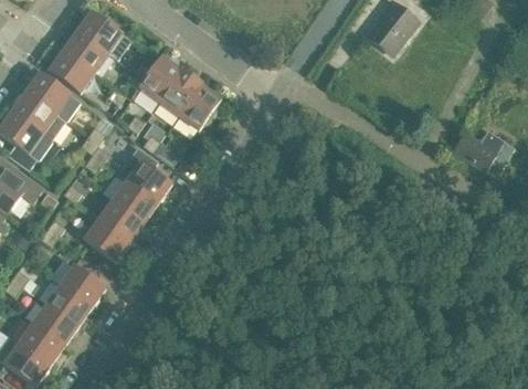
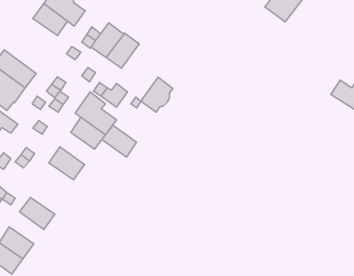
building: [47,50,94,92] -> none
building: [24,71,81,122] -> none
building: [178,84,220,129] -> [141,78,173,112]
building: [97,199,142,241] -> [102,125,137,157]
building: [59,264,105,306] -> none
building: [31,303,76,345] -> none

